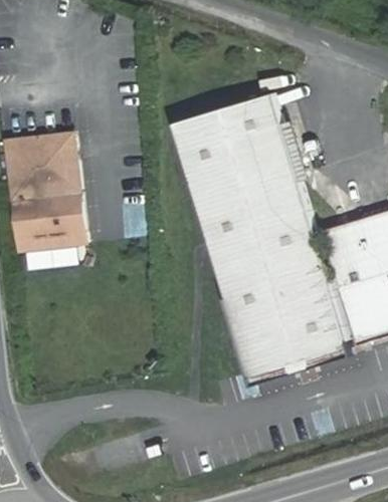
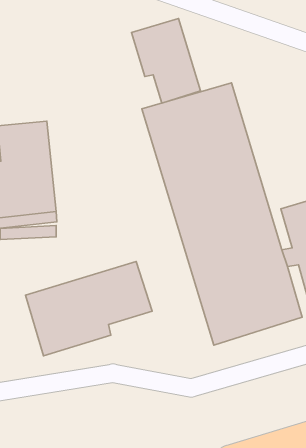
building: none -> [131,19,201,103]
building: none -> [25,261,152,356]

